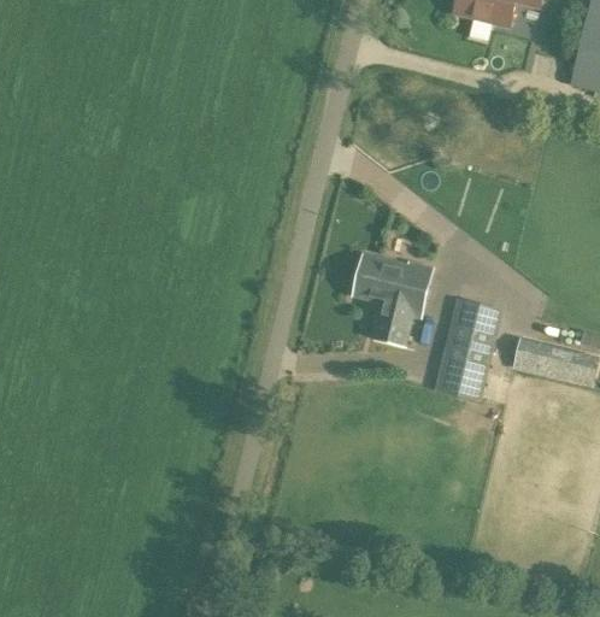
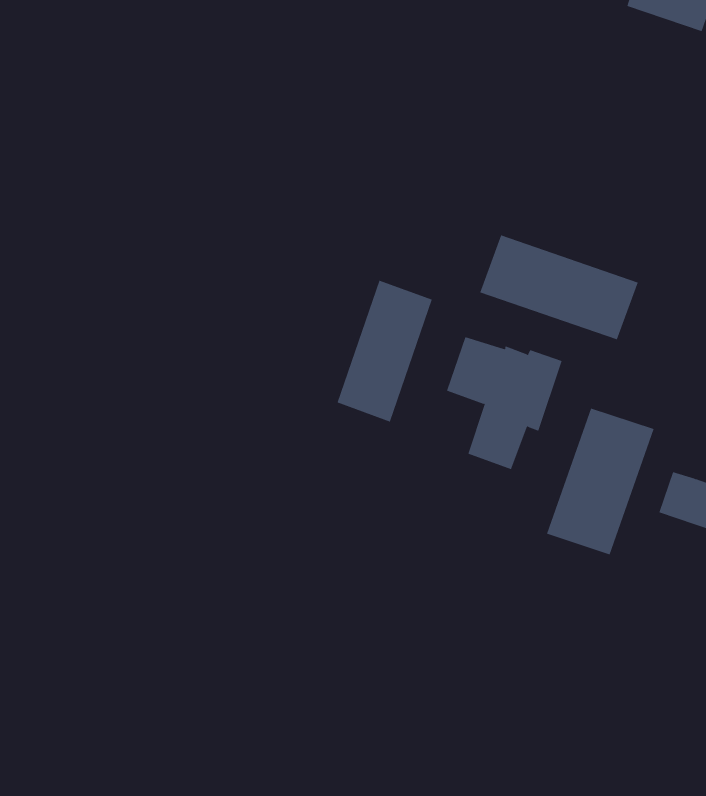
building: none -> [480,235,638,340]
building: none -> [337,280,432,422]

